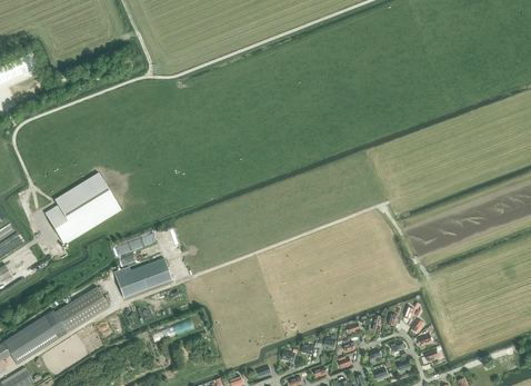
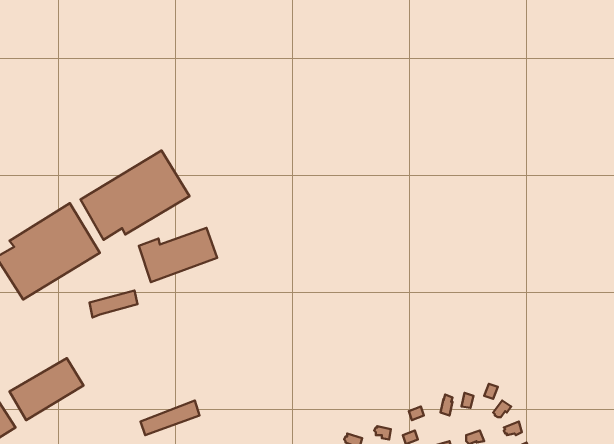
building: none -> [81,150,190,240]
building: [113,258,171,298] -> [139,228,217,282]

